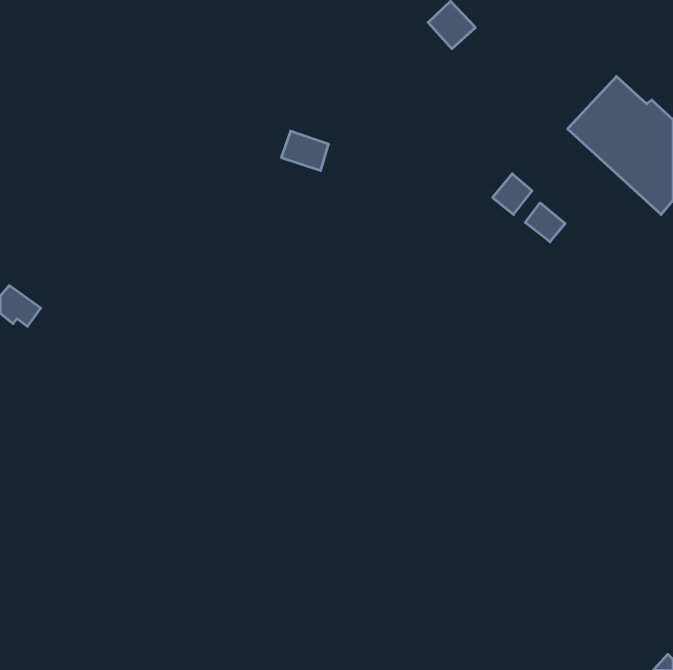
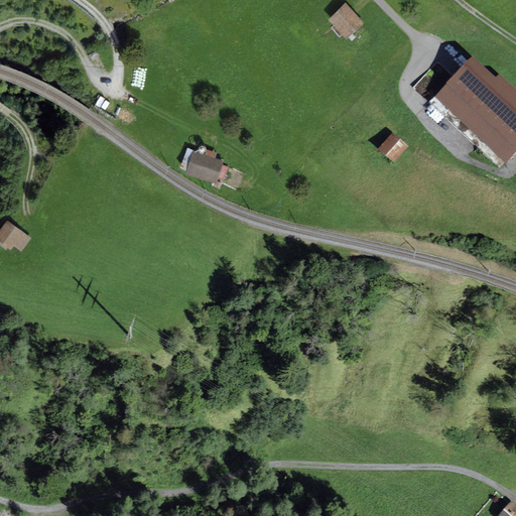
building: [281,131,329,171] -> [188,149,225,179]
building: [525,203,565,242] -> none

